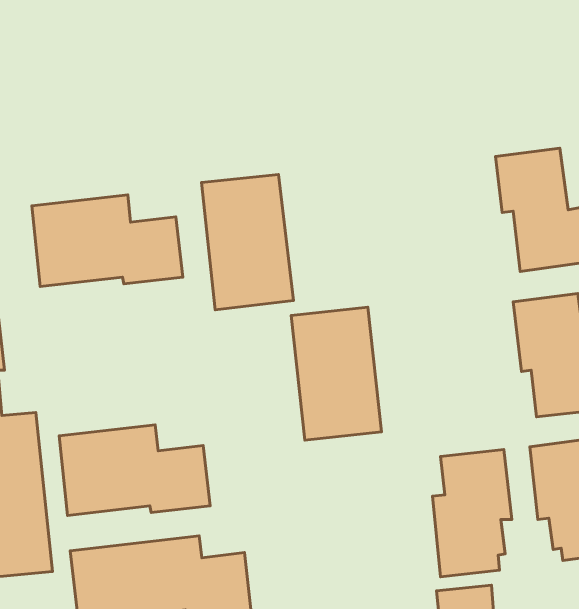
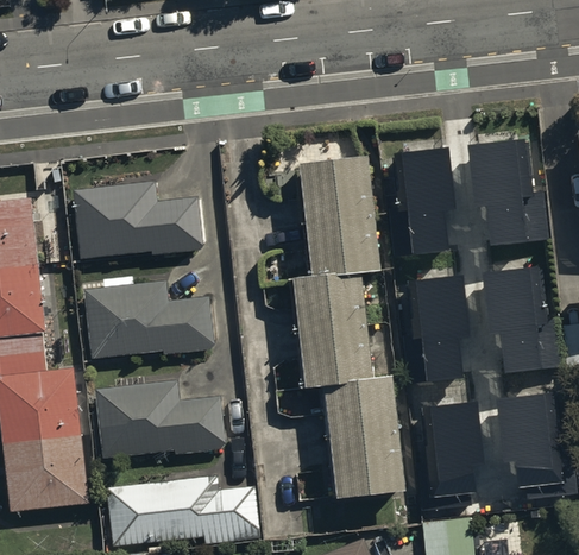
building: none -> [396,146,458,252]
building: [202,174,293,310] -> [301,160,380,278]
building: none -> [411,273,471,378]
building: none -> [82,280,213,360]
building: none -> [326,384,404,504]

